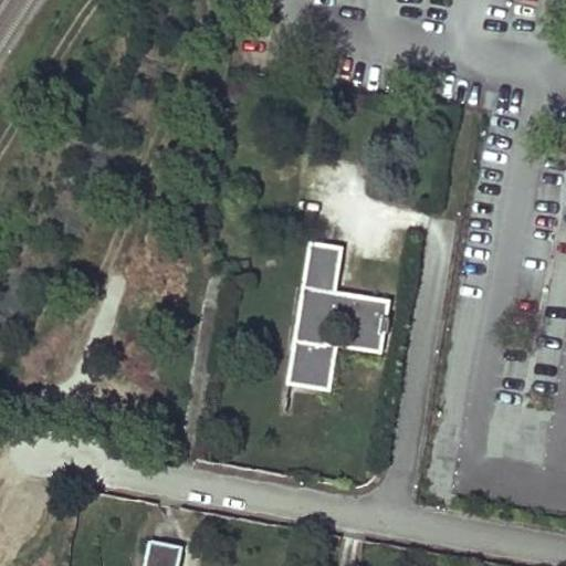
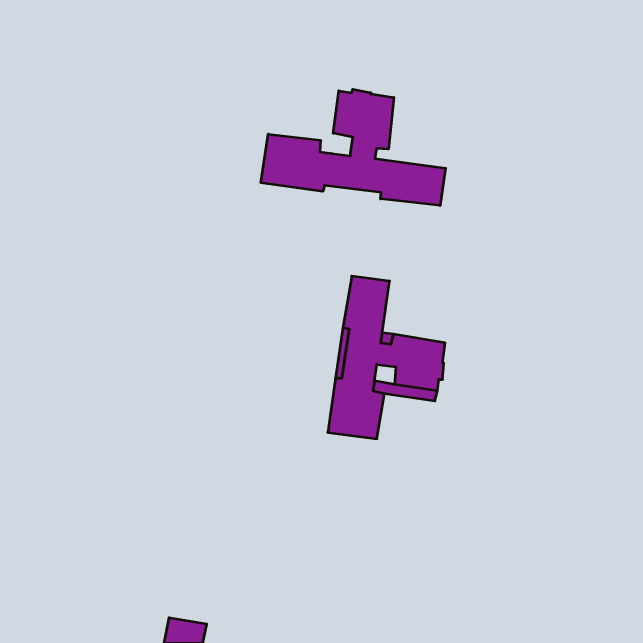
building: none -> [261,89,446,206]

